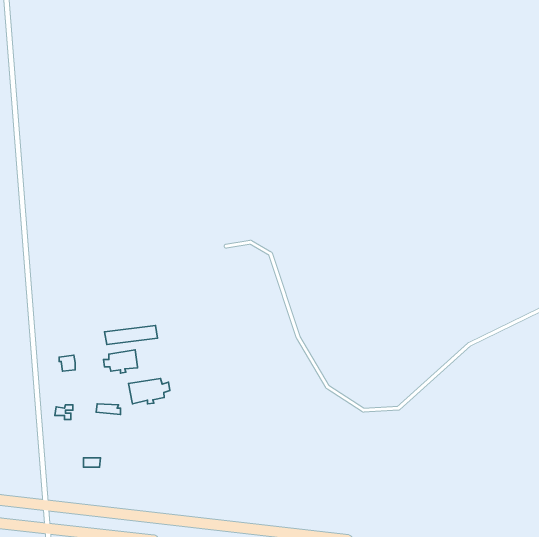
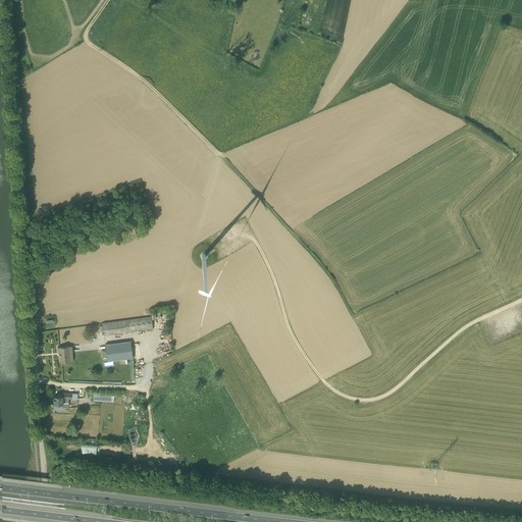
building: [128,378,170,404] -> none

